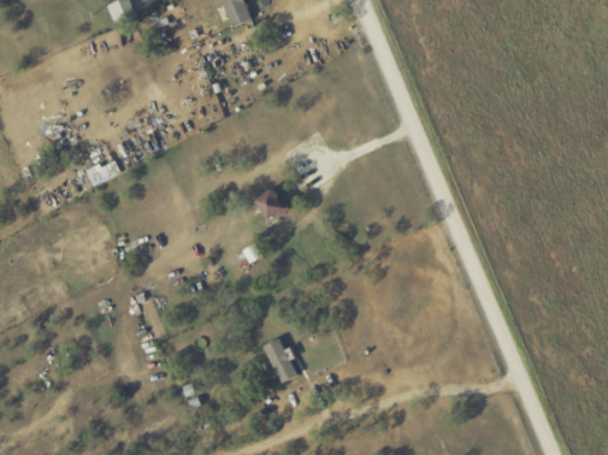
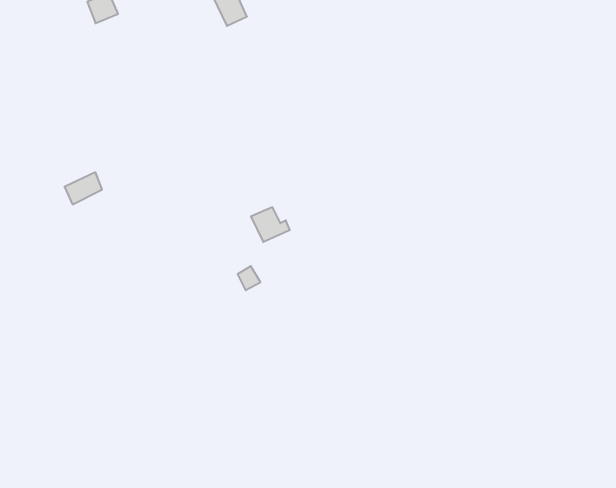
building: [262,337,297,382] -> none

